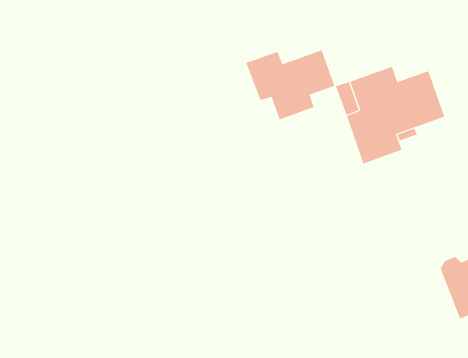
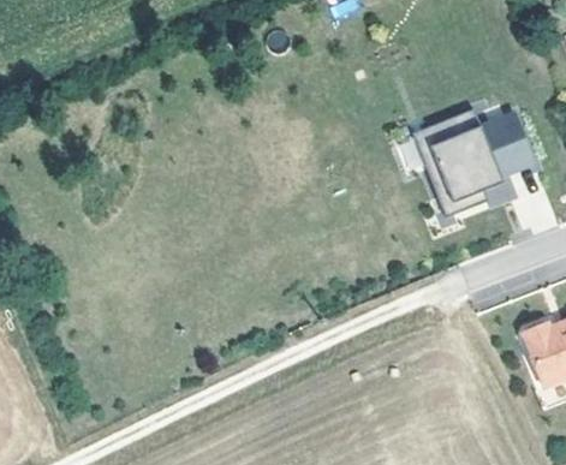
building: [246,49,335,120] -> none

